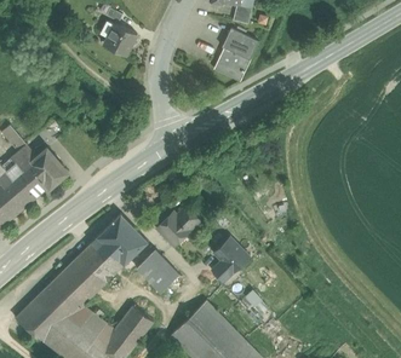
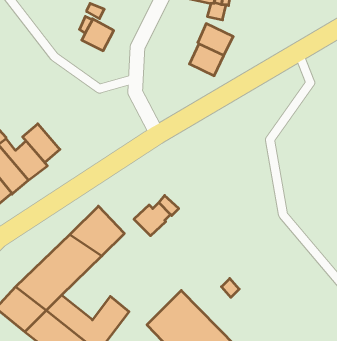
building: none -> [23,124,60,162]
building: [212,236,248,279] -> none
building: [134,248,179,291] -> none

